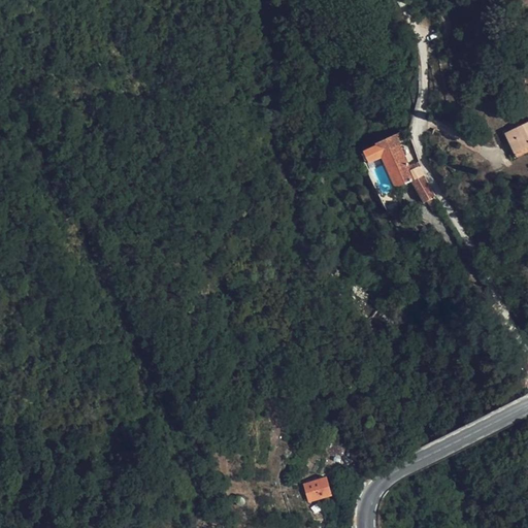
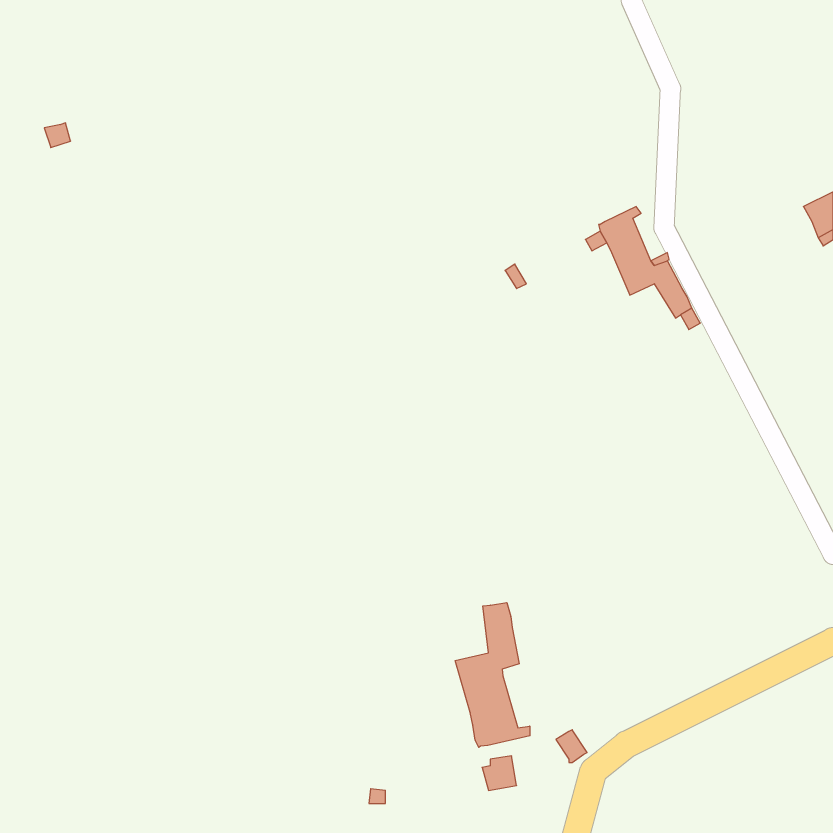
building: none -> [455,603,530,747]

